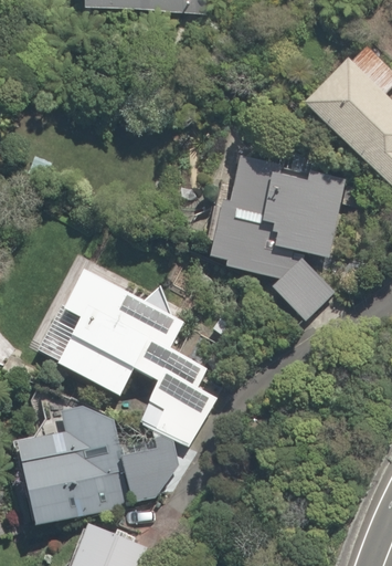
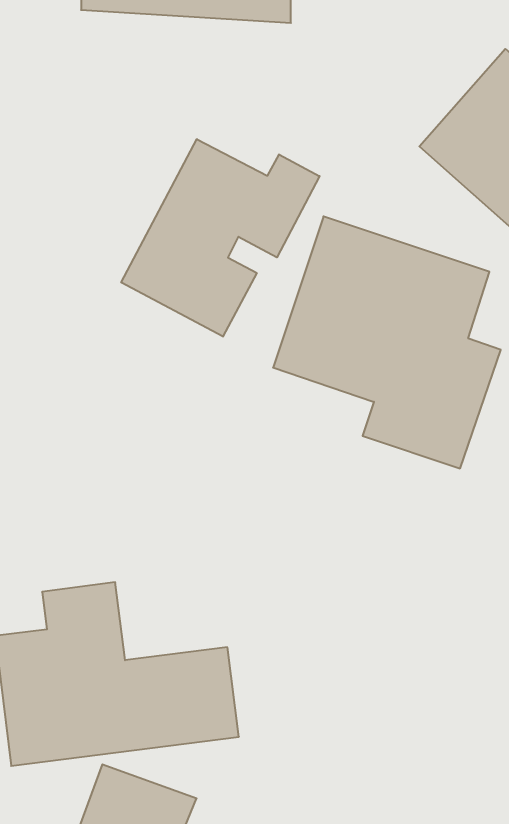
building: none -> [121,139,320,337]
building: [55,266,220,446] -> none

